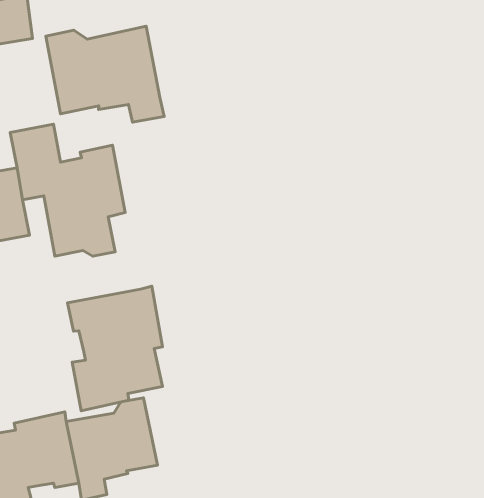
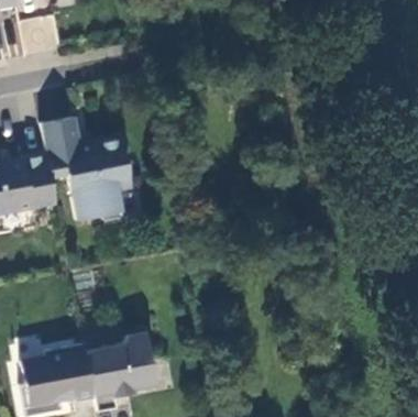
building: [46,26,164,122] -> none
building: [67,286,162,411] -> none

